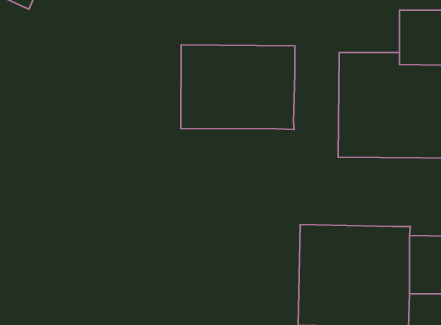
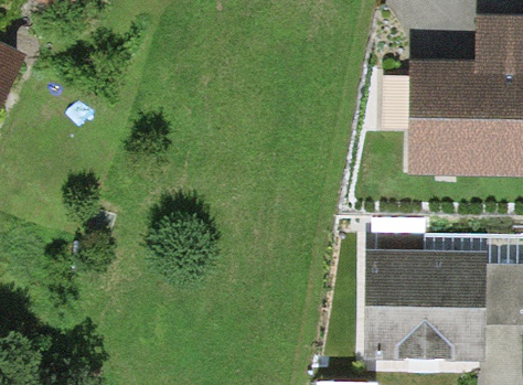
building: [181,45,295,129] -> none

